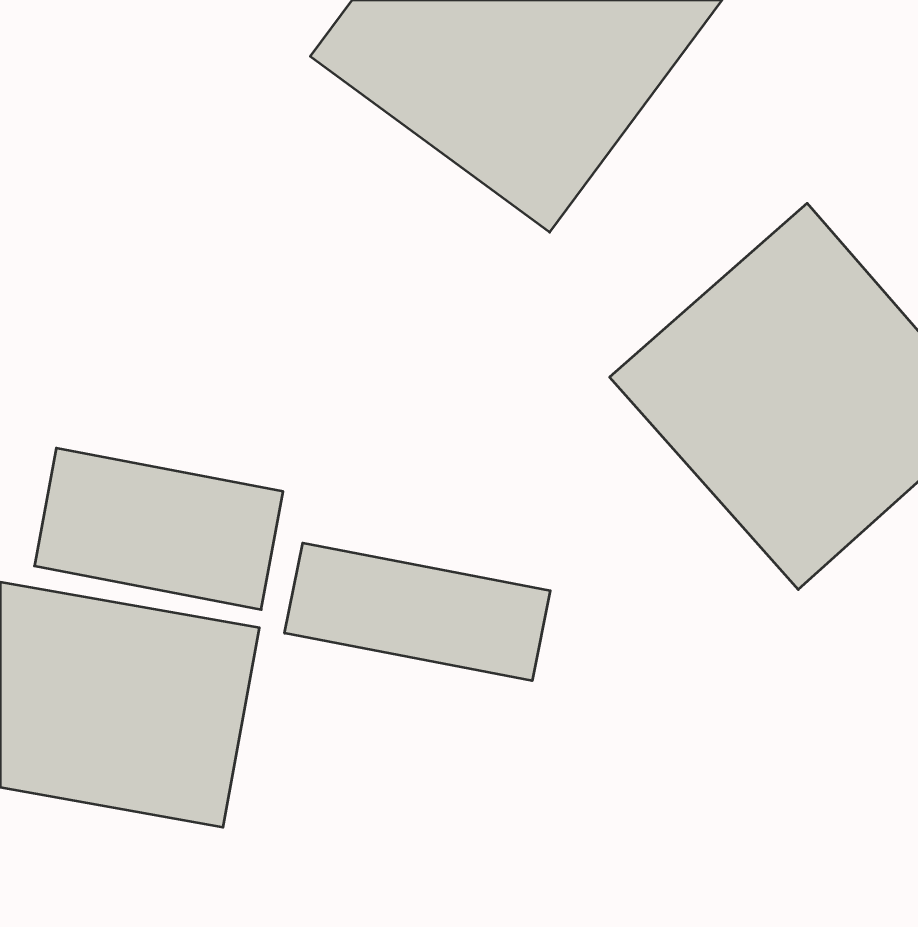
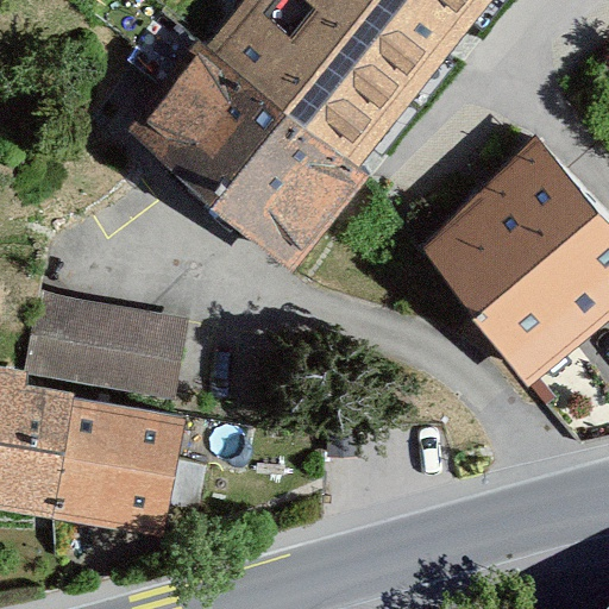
building: none -> [140,37,379,253]
building: [285,543,550,681] -> none

